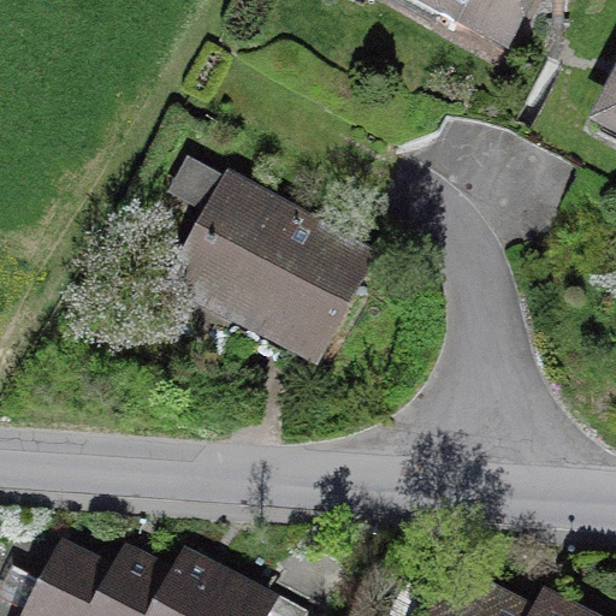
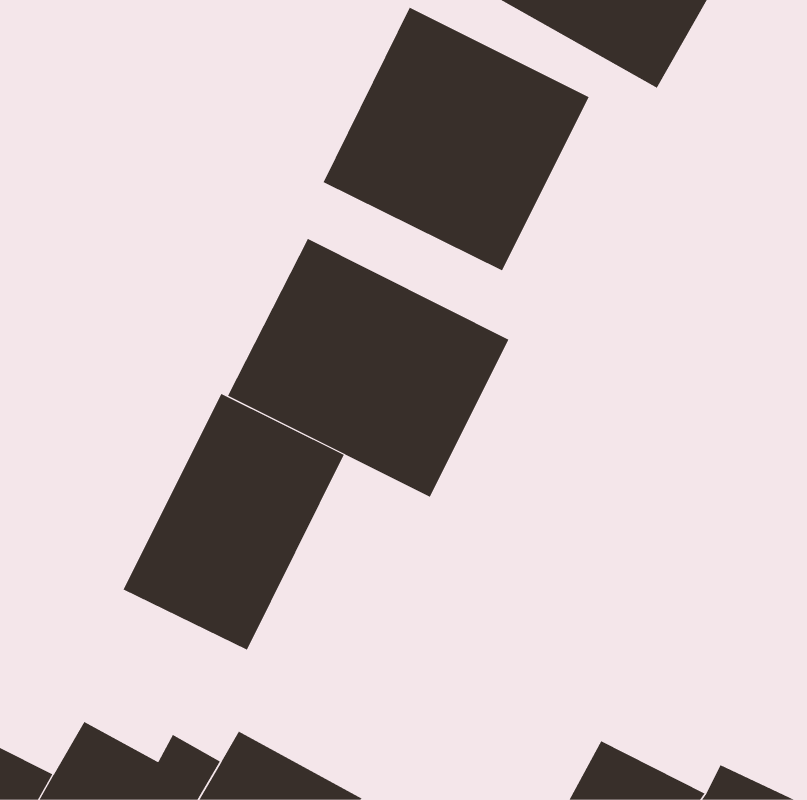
building: none -> [323,7,589,271]
building: none -> [123,393,345,651]

